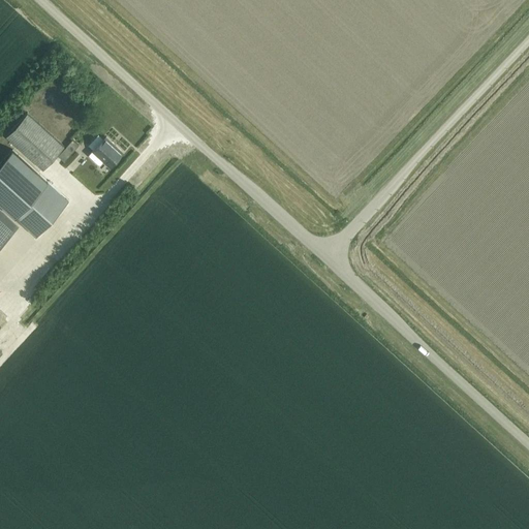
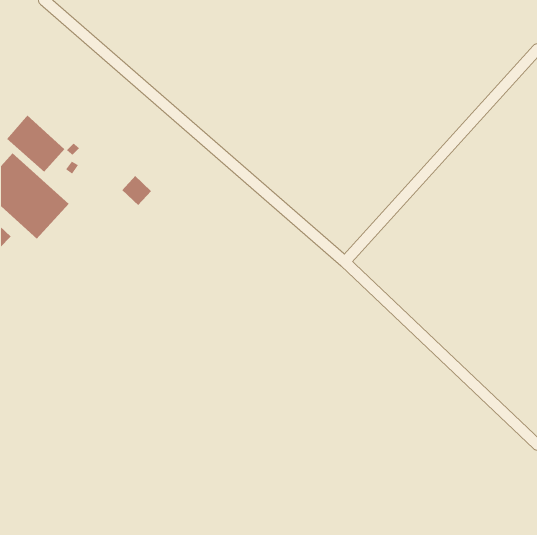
building: [93,138,123,168] -> [121,175,152,206]

